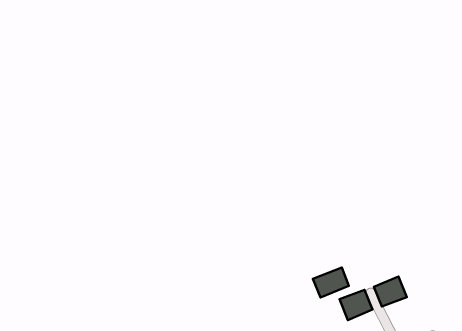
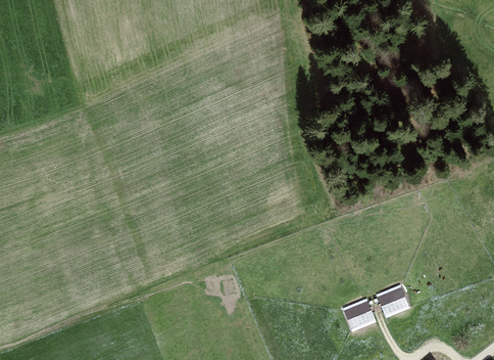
building: [313,268,349,298] -> none

